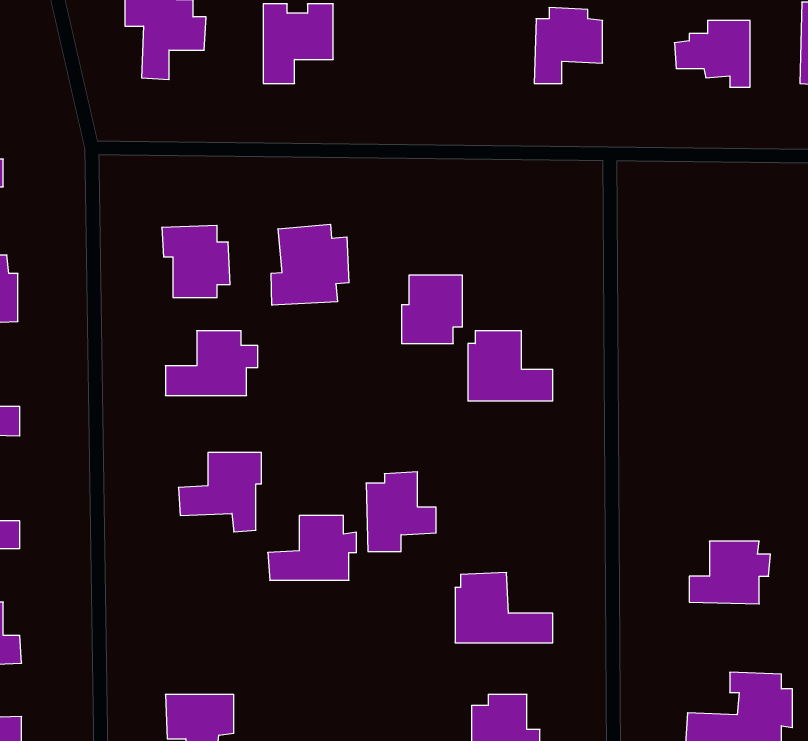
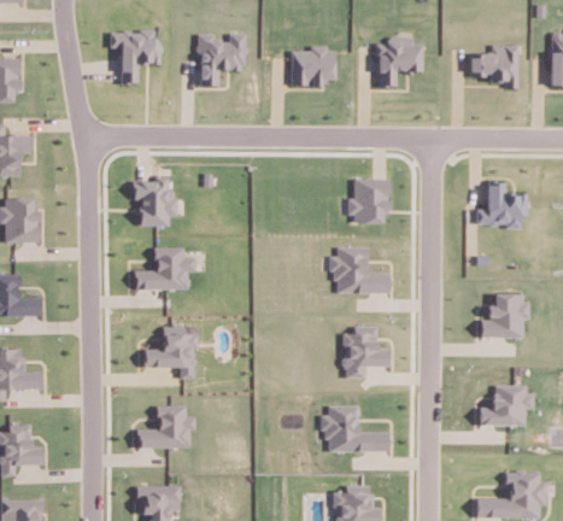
building: none -> [291,48,334,86]
building: [271,224,349,305] -> none
building: none -> [476,183,527,229]
building: [402,275,462,344] -> [348,178,388,223]
building: none -> [479,293,524,338]
building: [366,472,436,551] -> [342,326,388,377]
building: [268,516,356,580] -> [136,405,194,447]

